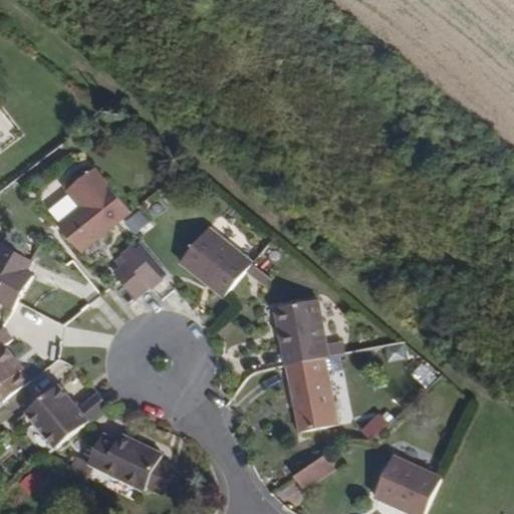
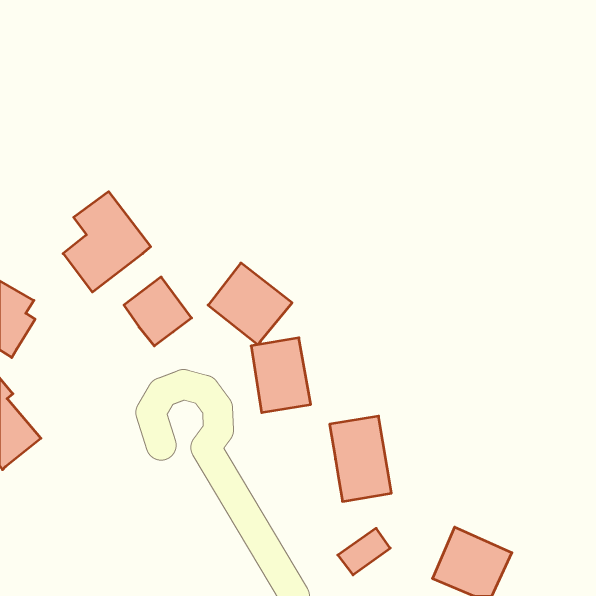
building: [274,300,325,364] -> [251,338,311,413]
building: [22,381,106,449] -> none
building: [86,431,180,498] -> none

